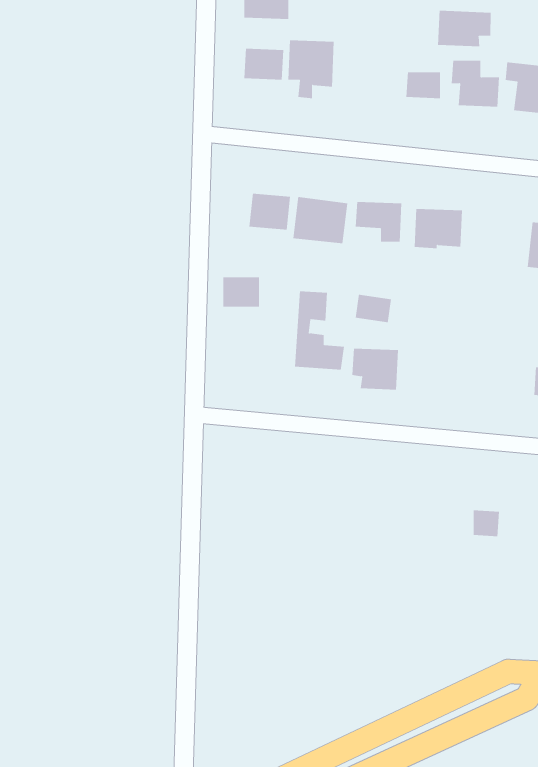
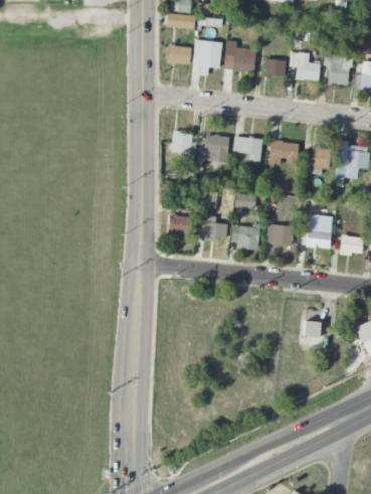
building: [438,10,491,47] -> none
building: none -> [224,40,255,71]
building: none -> [309,147,331,174]
building: [223,277,260,307] -> [169,215,191,233]
building: none -> [306,218,332,249]
building: none -> [265,224,293,245]

